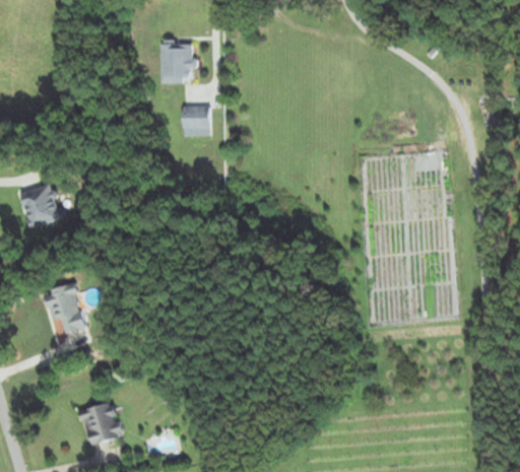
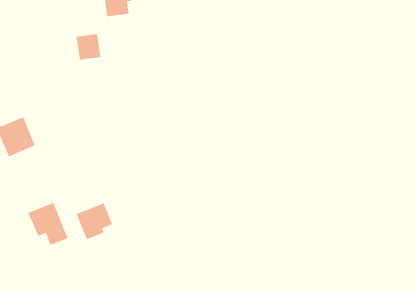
building: [184,107,209,134] -> [76,34,101,60]
building: none -> [76,202,113,240]

